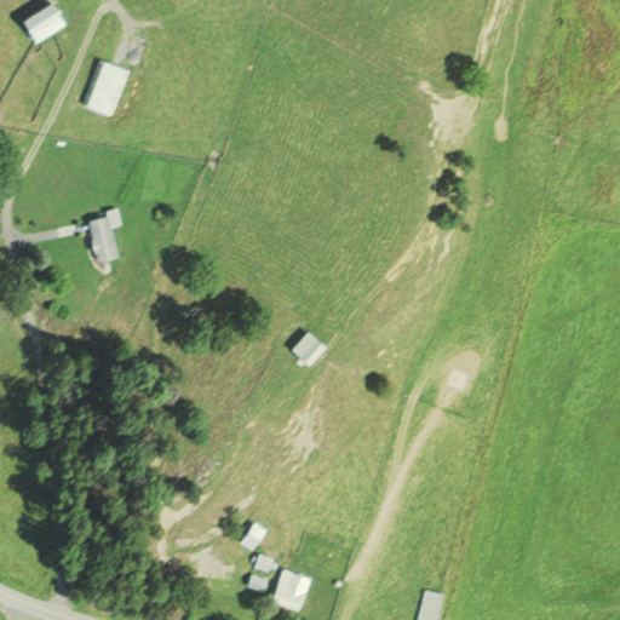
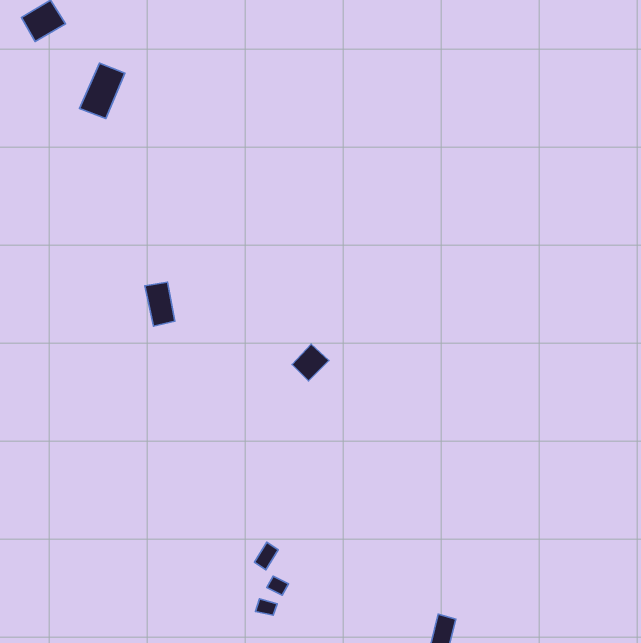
building: [91,218,120,260] -> [145,282,175,326]
building: [275,569,312,610] -> none

